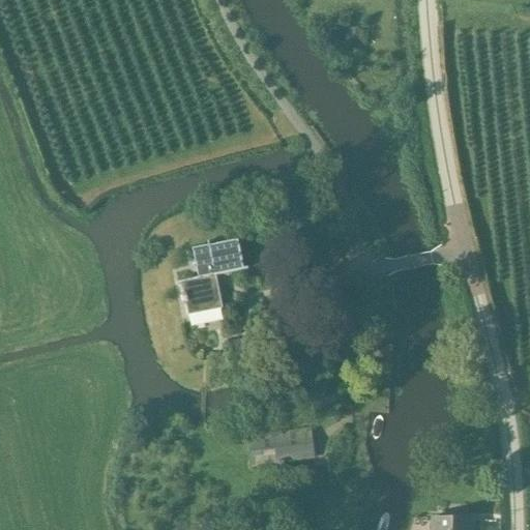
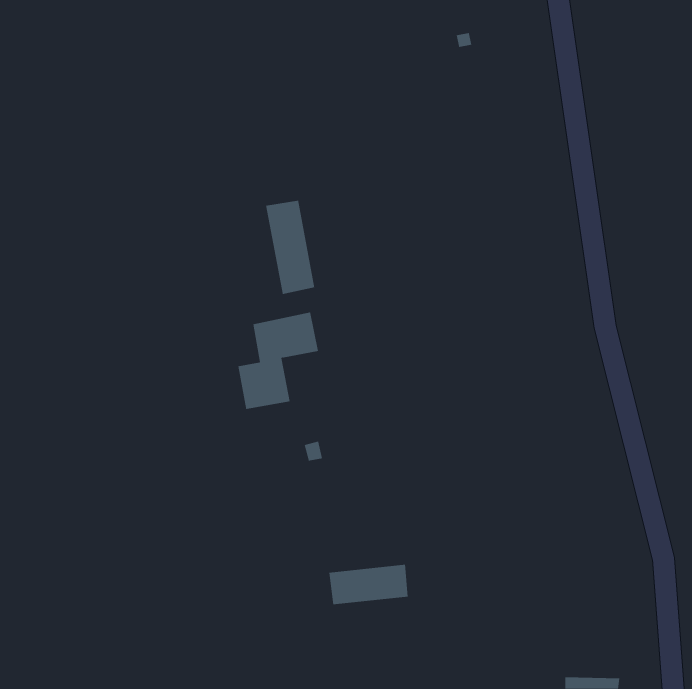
building: none -> [266,200,315,295]

